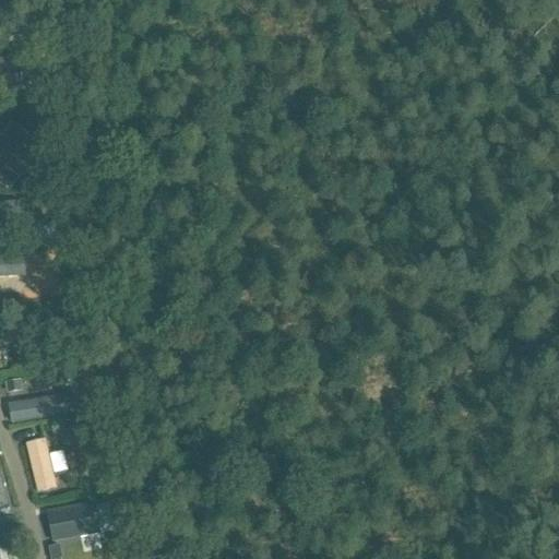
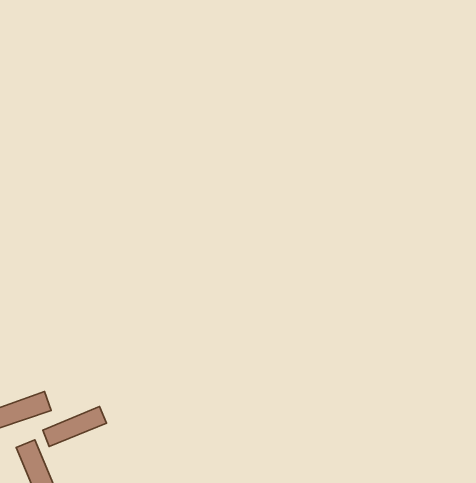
building: none -> [43,406,107,446]

